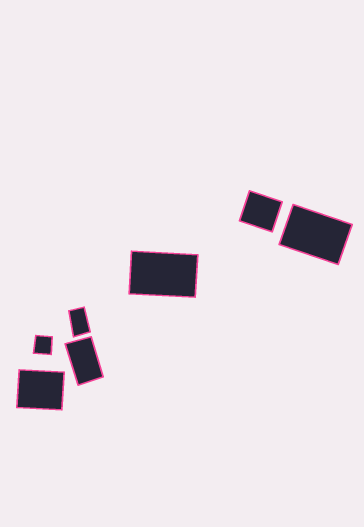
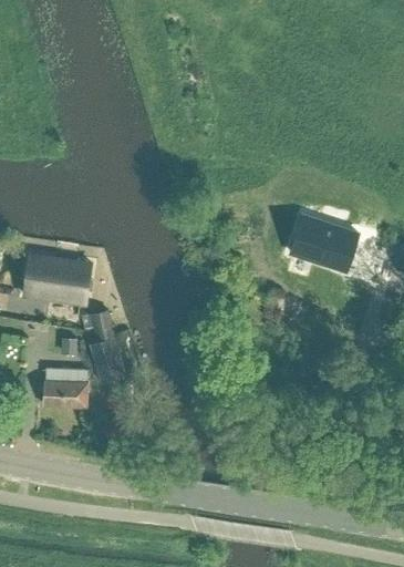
building: [240,191,282,232] -> none
building: [129,251,198,297] -> [32,265,96,308]

